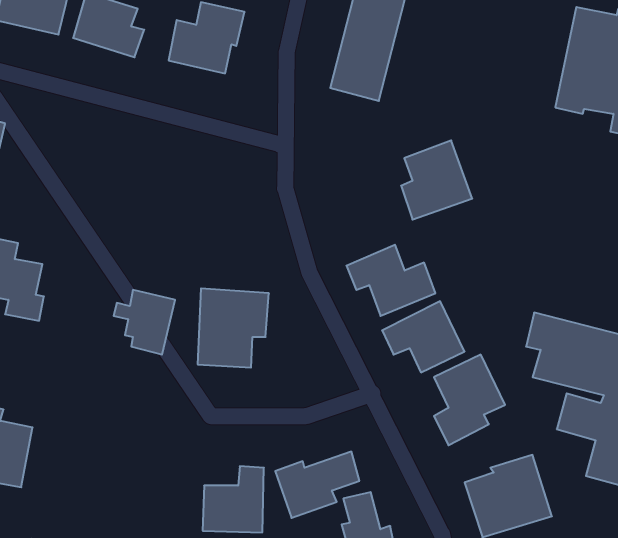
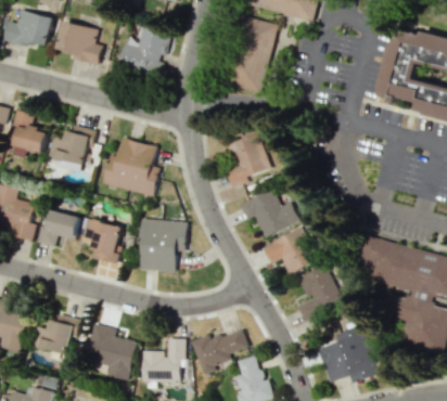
building: none -> [11,109,48,158]
building: [401,140,472,220] -> [224,133,271,186]
building: none -> [48,126,92,173]
building: none -> [102,139,158,196]
building: none -> [36,210,80,246]
building: none -> [33,315,82,354]
building: none -> [90,324,136,379]

